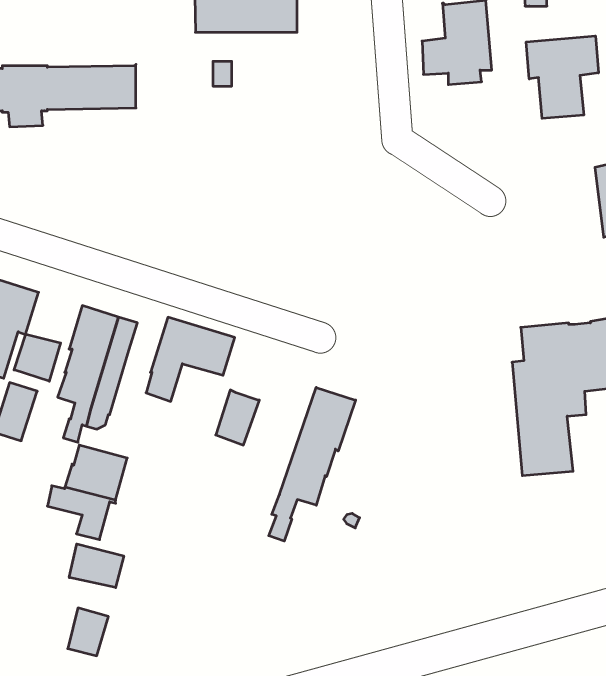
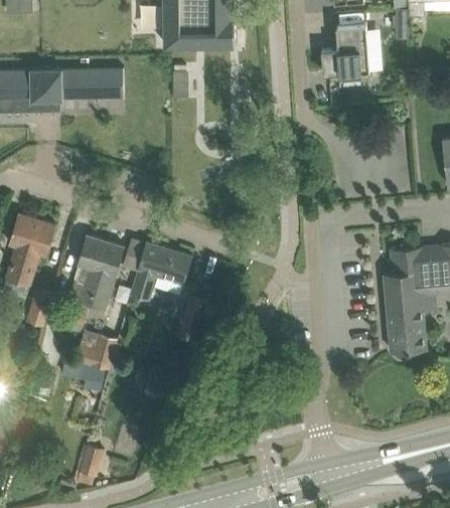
building: [526,36,598,118] -> none
building: [14,334,61,381] -> none
building: [269,387,356,541] -> none
building: [69,544,124,588] -> none

